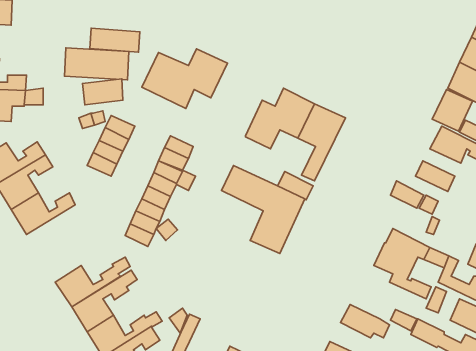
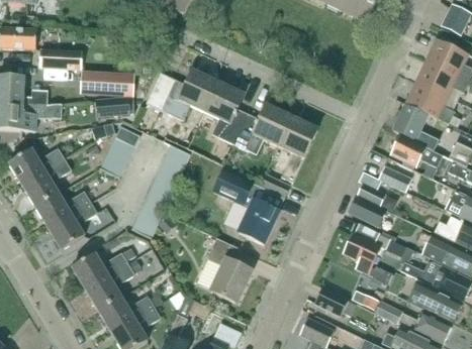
building: [90,28,140,52] -> [39,50,82,71]
building: none -> [205,83,249,144]
building: none -> [349,197,386,226]
building: none -> [49,203,97,249]
building: none -> [197,238,253,303]

